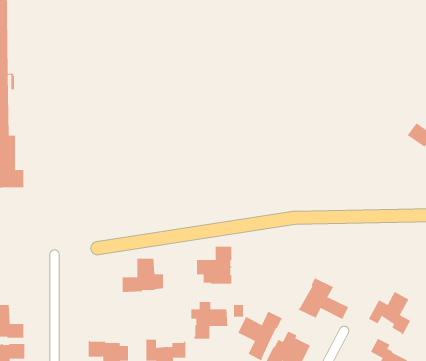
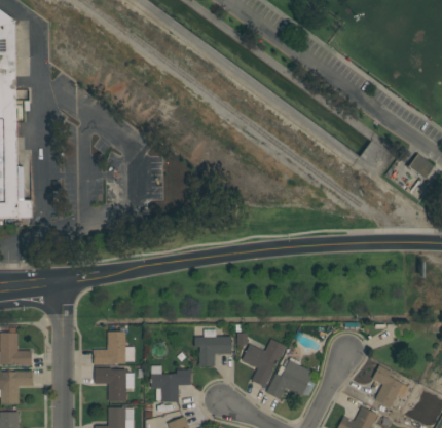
building: [196,246,232,285] -> none
building: [122,258,164,293] -> [93,332,134,365]
building: [298,277,349,320] -> none
building: [368,291,411,335] -> none

